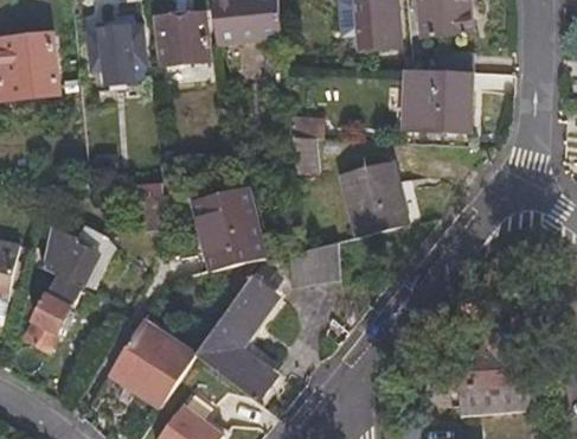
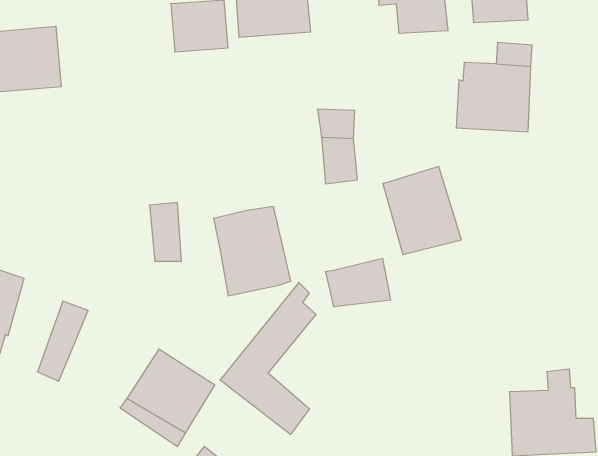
building: [83,19,142,76] -> none
building: [46,227,109,287] -> none

